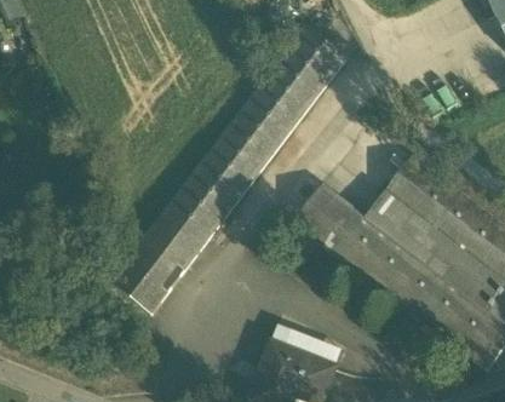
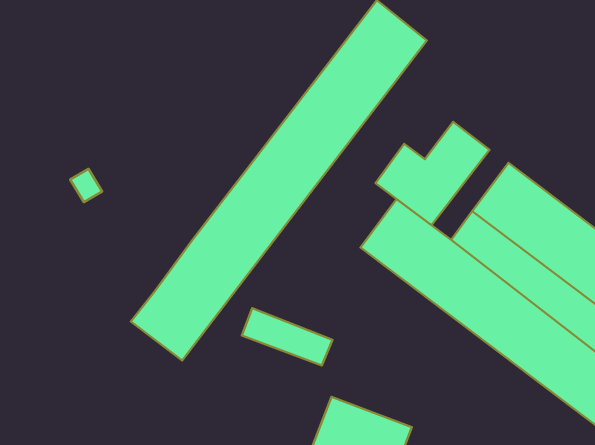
building: none -> [375,122,489,225]
building: [270,321,343,367] -> [242,308,332,366]

